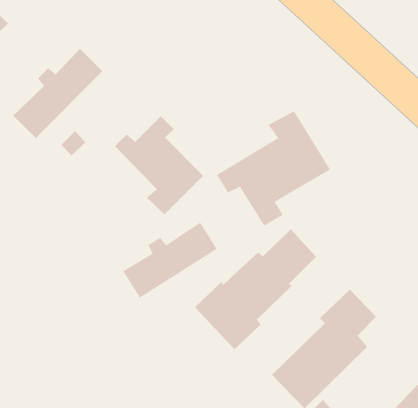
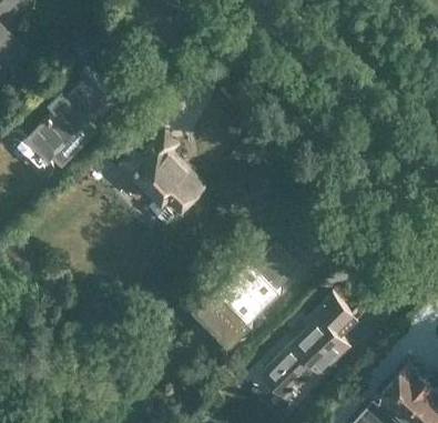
building: [216,110,331,226] -> none
building: [122,222,218,298] -> none

